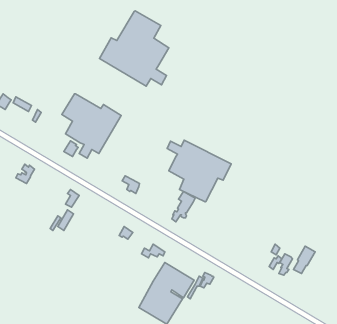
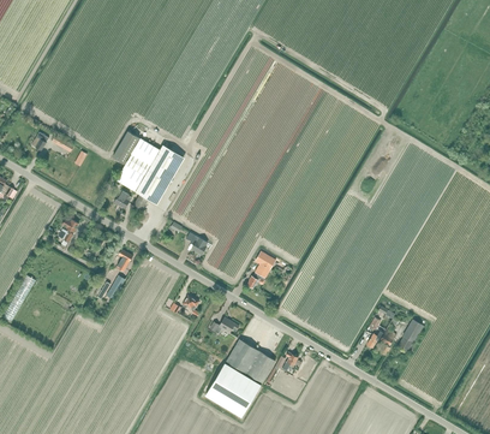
building: [100,11,169,86] -> none
building: [167,140,231,202] -> none

